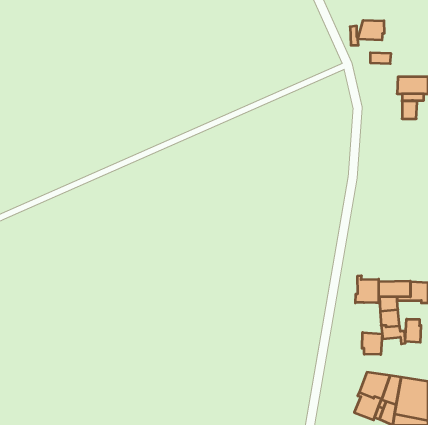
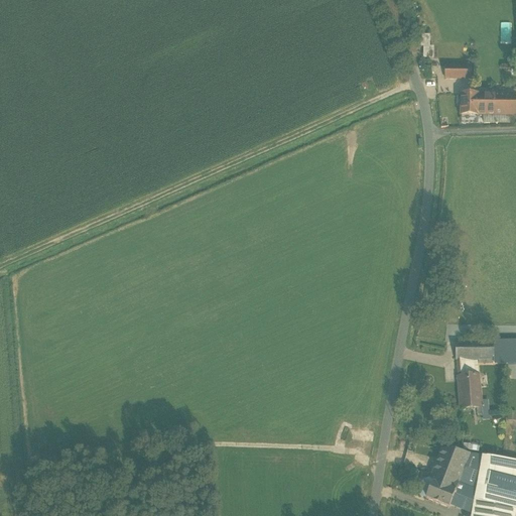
building: [358,20,384,40] -> none
building: [402,101,417,119] -> [461,92,479,113]
building: [355,276,379,303] -> none
building: [405,319,421,342] -> none
building: [362,332,382,355] -> none

